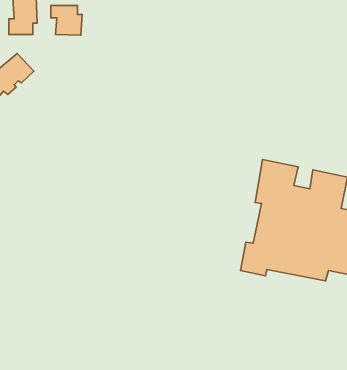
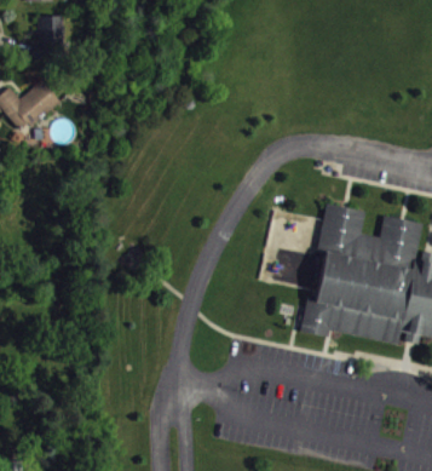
building: [51,6,82,35] -> none

